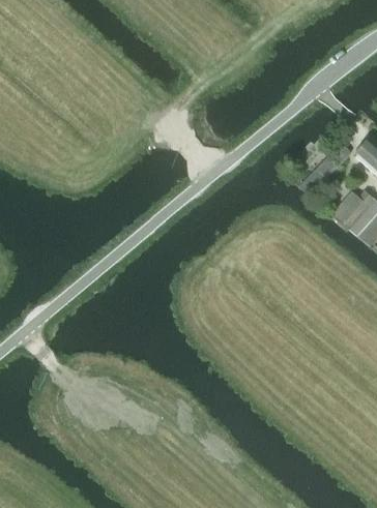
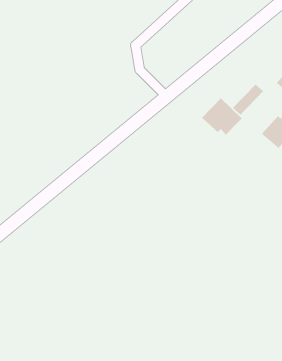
building: none -> [201,97,243,136]

